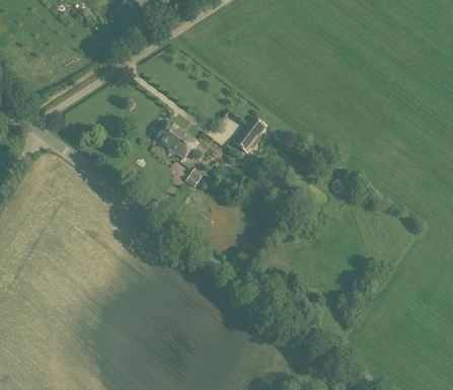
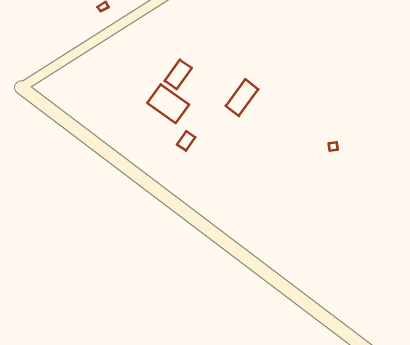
building: none -> [165,60,192,89]

